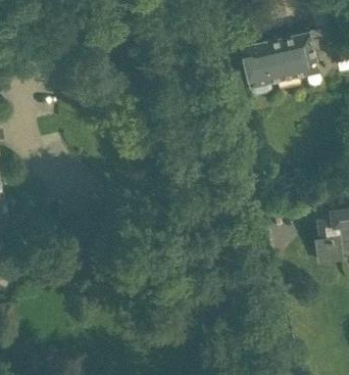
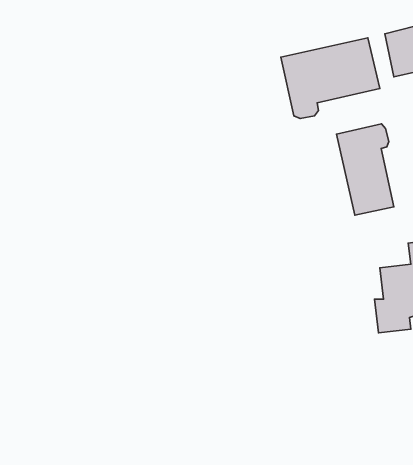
building: none -> [337,124,394,215]

